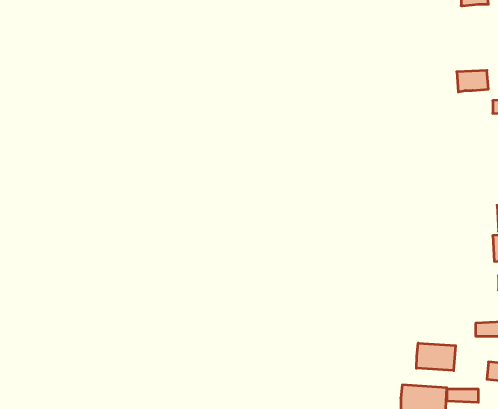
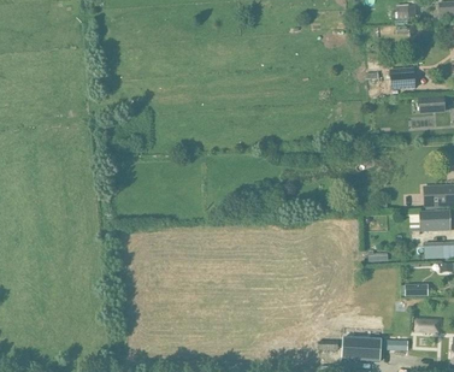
building: [416,343,456,371] -> none

